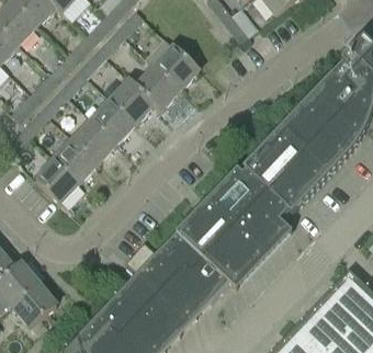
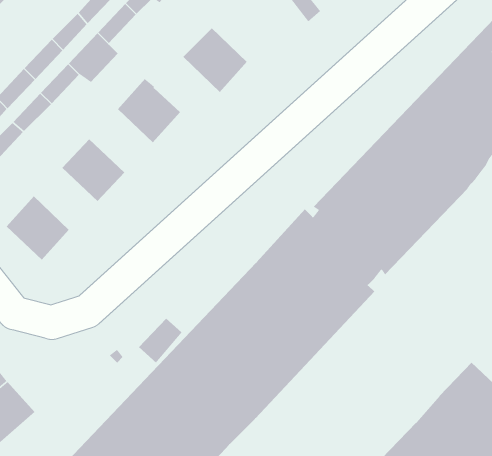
building: [137,65,181,109] -> none
building: [93,100,136,143] -> none
building: [56,139,99,181] -> none

